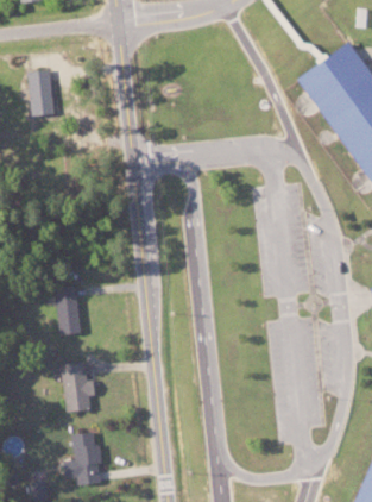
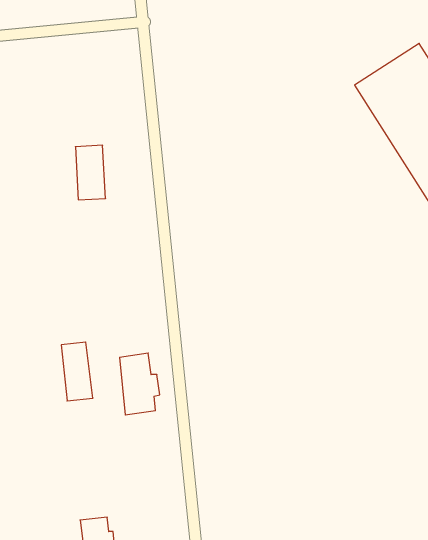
building: [29,71,53,117] -> [75,145,106,200]
building: [62,363,95,414] -> [120,353,160,415]

